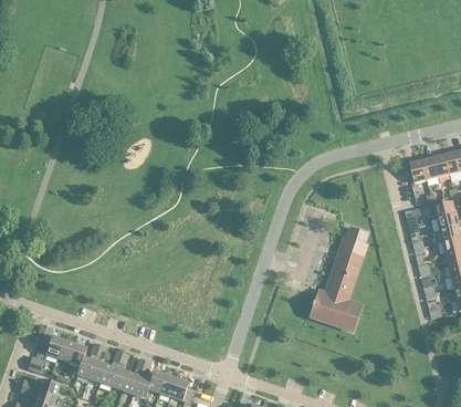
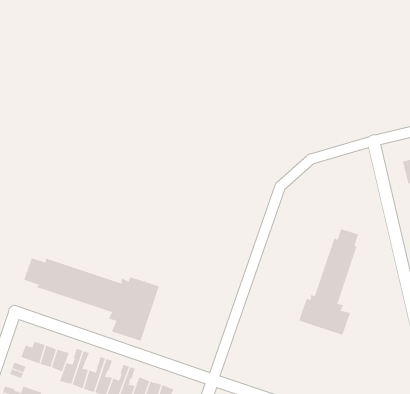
building: none -> [24,258,159,341]

